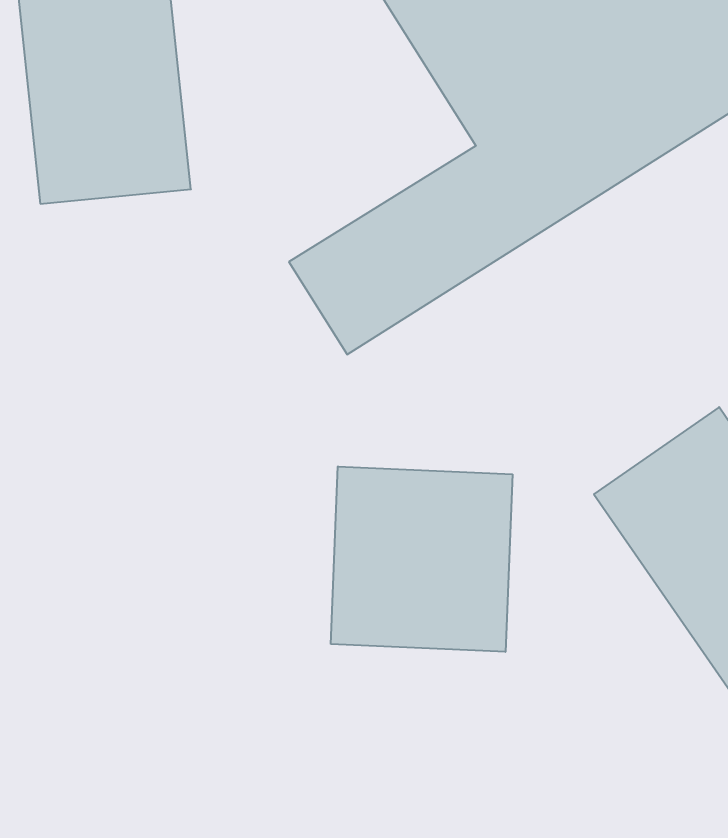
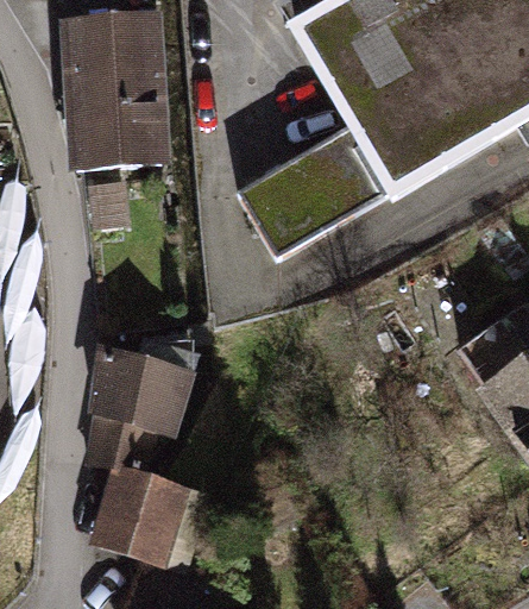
building: none -> [93,334,207,571]
building: [331,466,512,652] -> none

